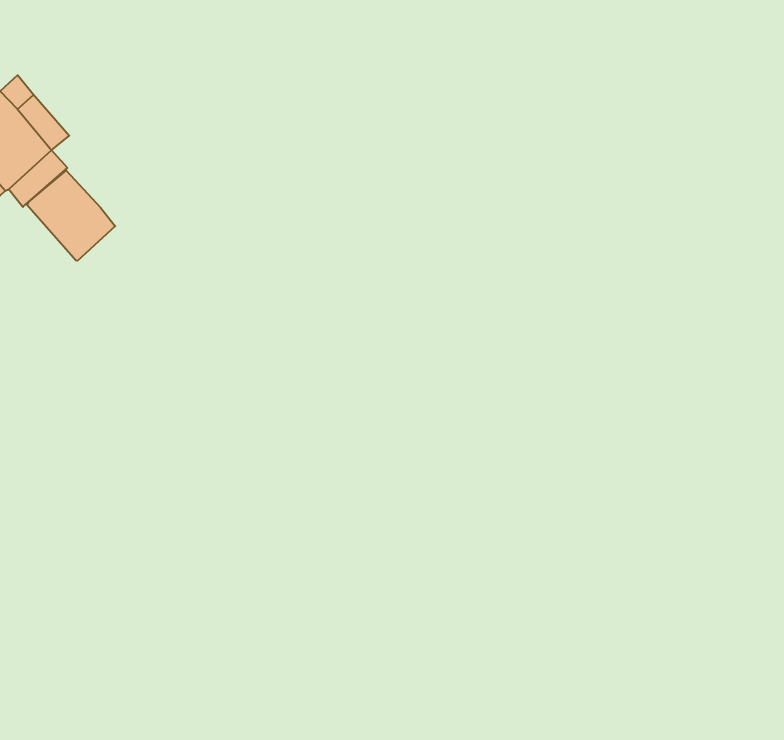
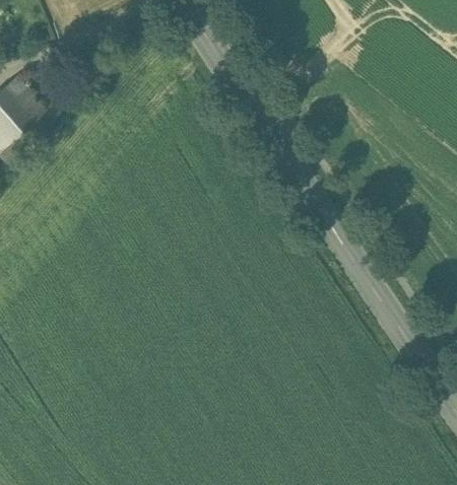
building: [27,170,115,261] -> none

